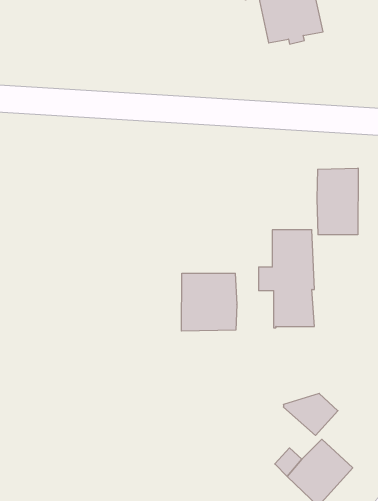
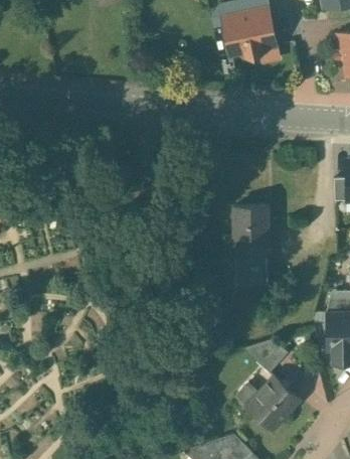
building: [317,168,358,235] -> none
building: [181,273,237,331] -> none

